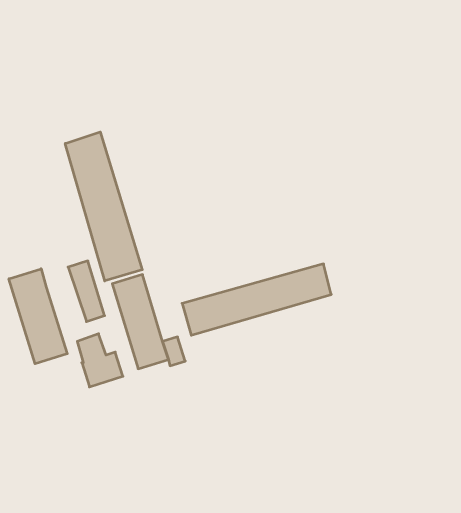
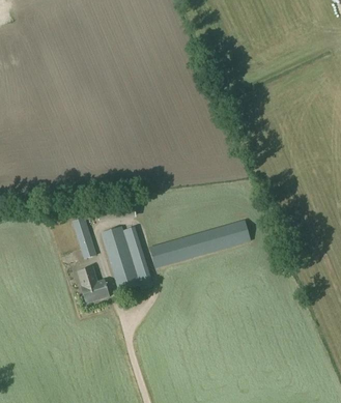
building: [65,132,142,281] -> none
building: [9,269,67,364] -> none

